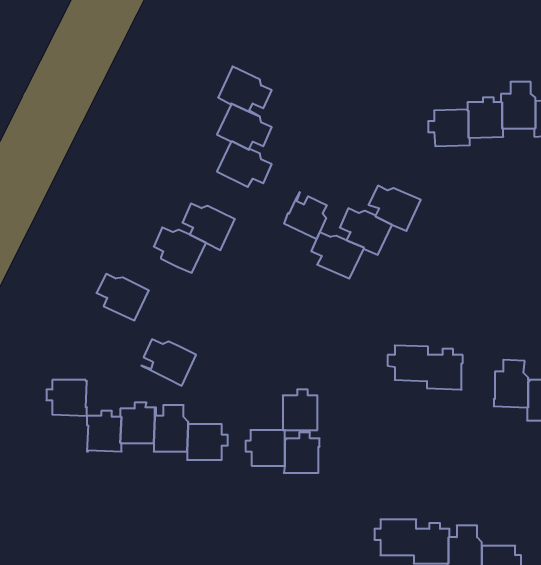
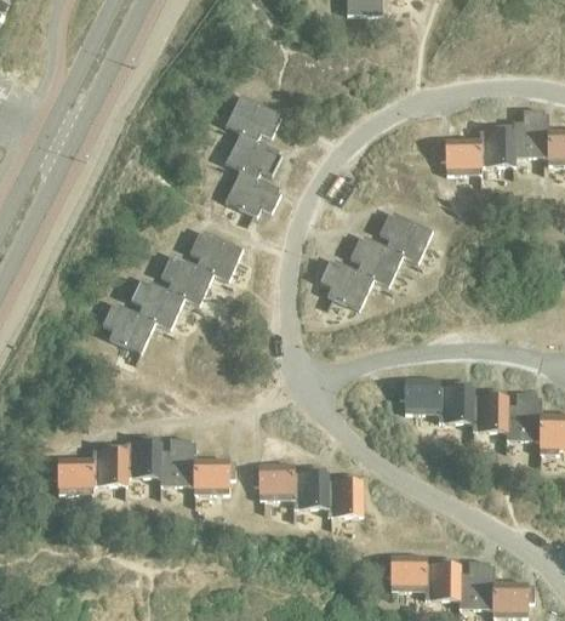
building: [284,192,327,239] -> none
building: [141,339,196,386] -> [129,281,184,329]
building: none -> [472,389,508,432]
building: [46,380,87,416] -> [52,457,93,494]
building: [283,390,317,430] -> [327,474,363,515]

